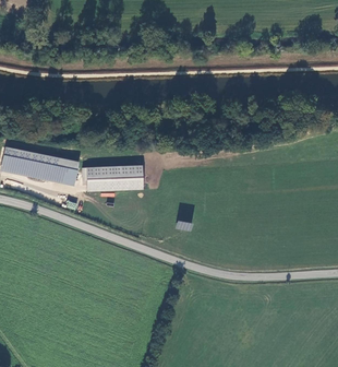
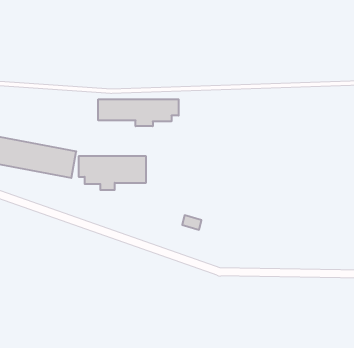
building: none -> [98,99,179,126]

